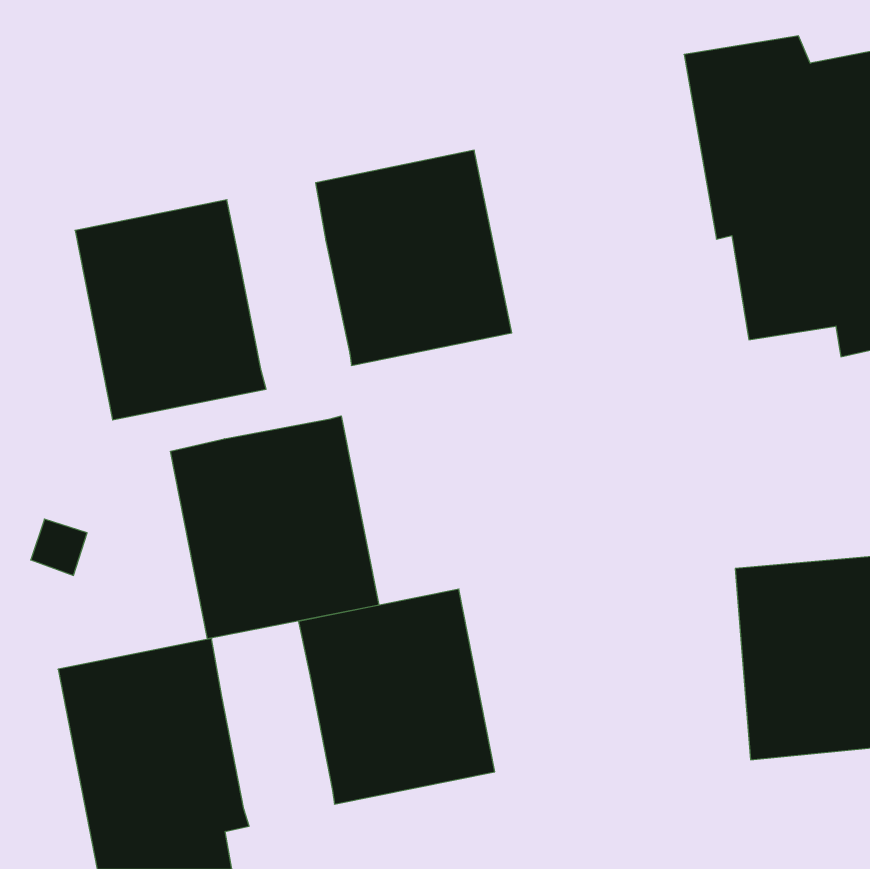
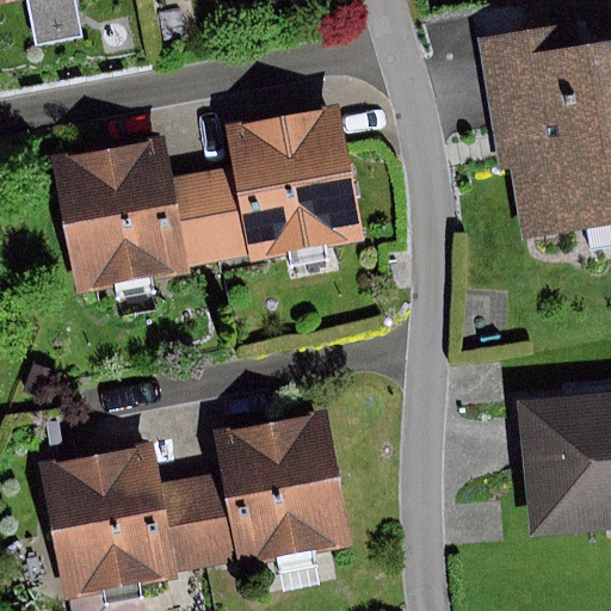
building: none -> [168,168,246,259]
building: [171,416,379,639] -> none
building: none -> [156,474,234,566]

